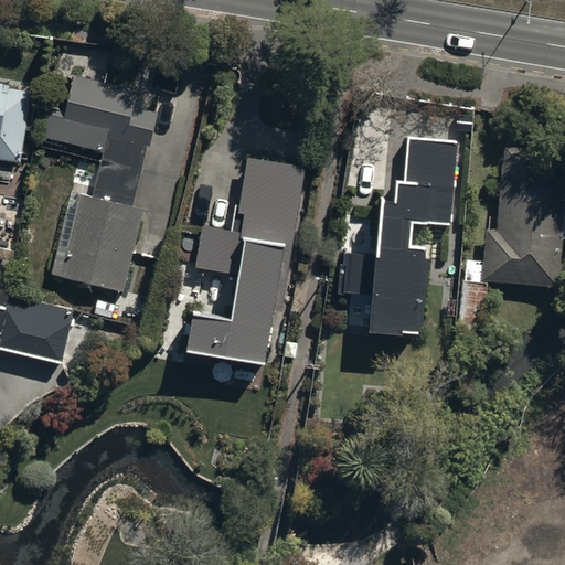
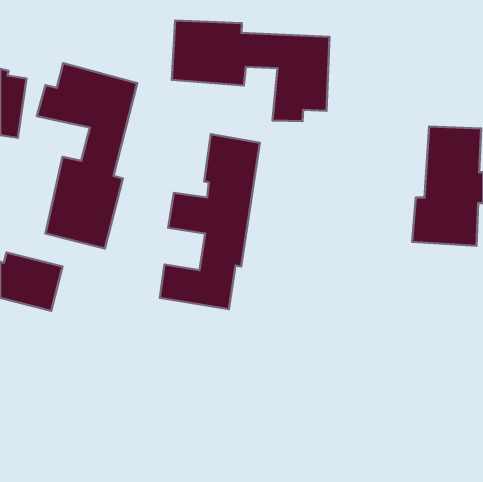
building: none -> [172,20,330,121]
building: [338,138,458,339] -> none

